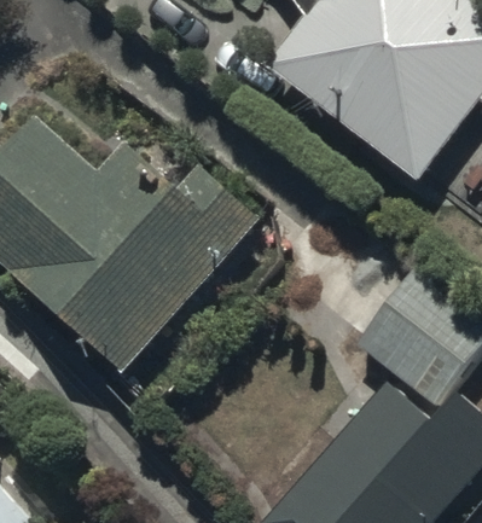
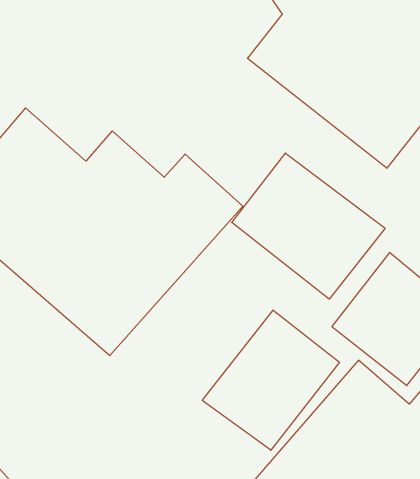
building: none -> [232,153,385,299]
building: none -> [202,310,339,450]

